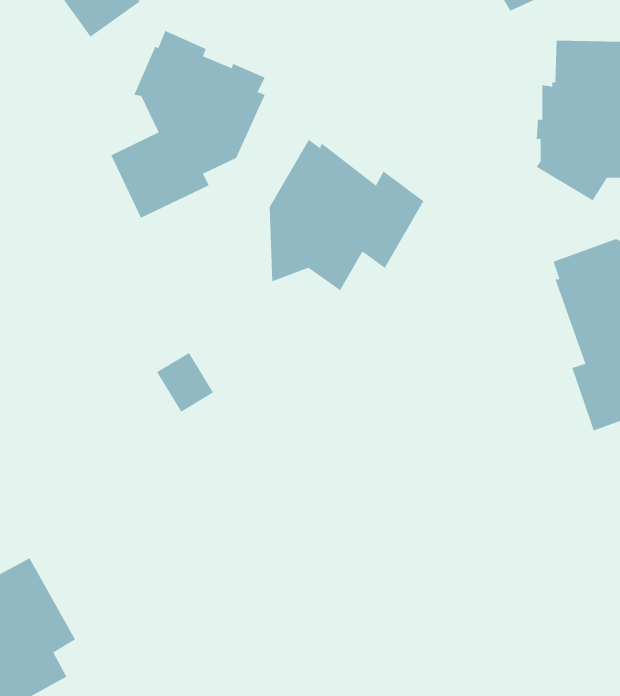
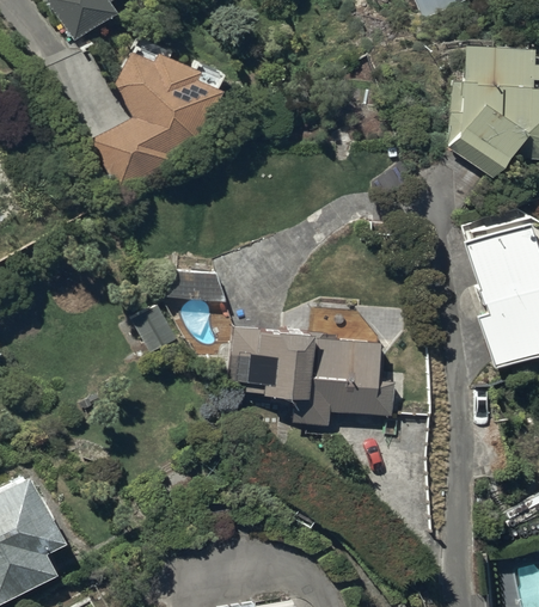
building: [269,139,424,291] -> none
building: none -> [231,324,393,427]

